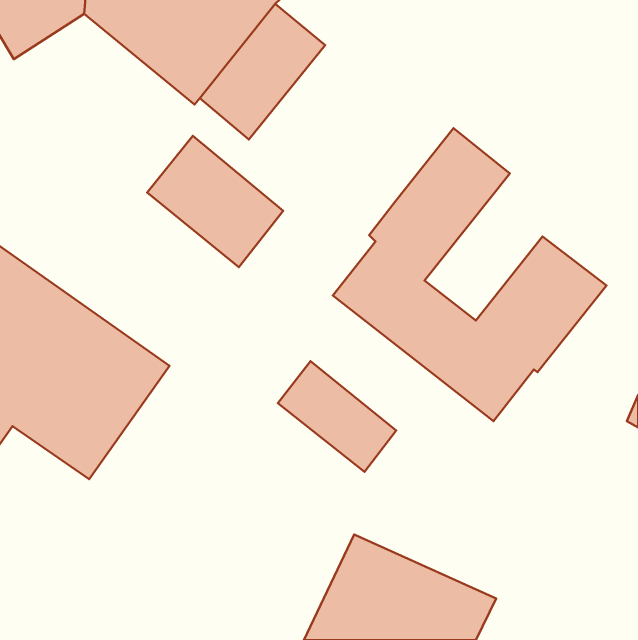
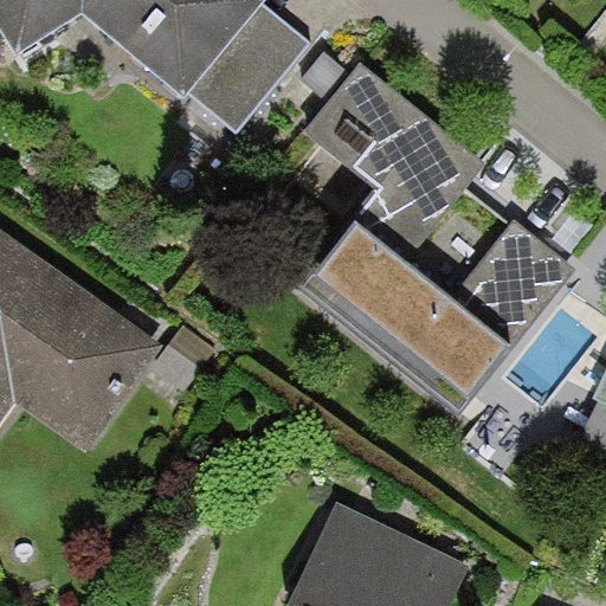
building: none -> [303,65,427,189]
building: [147,136,283,267] -> none
building: [278,361,396,472] -> none

